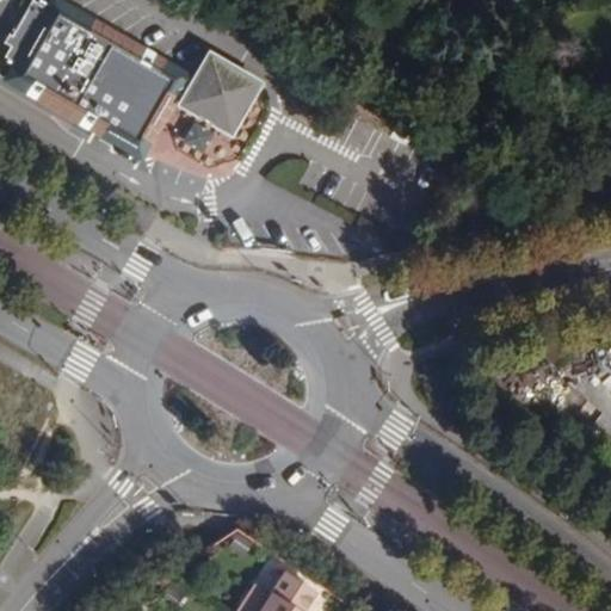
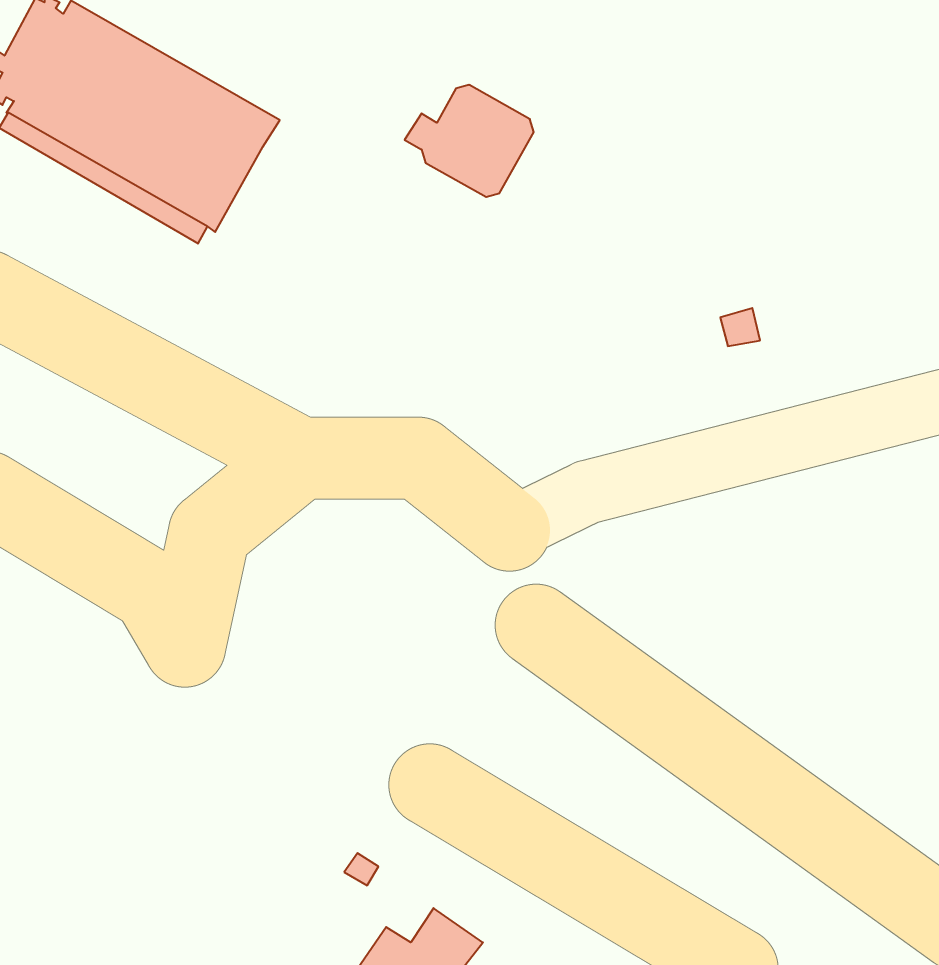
building: [175,58,257,129] -> [405,85,534,197]

